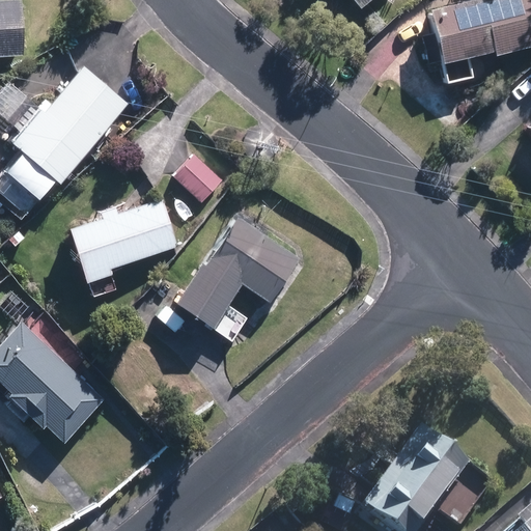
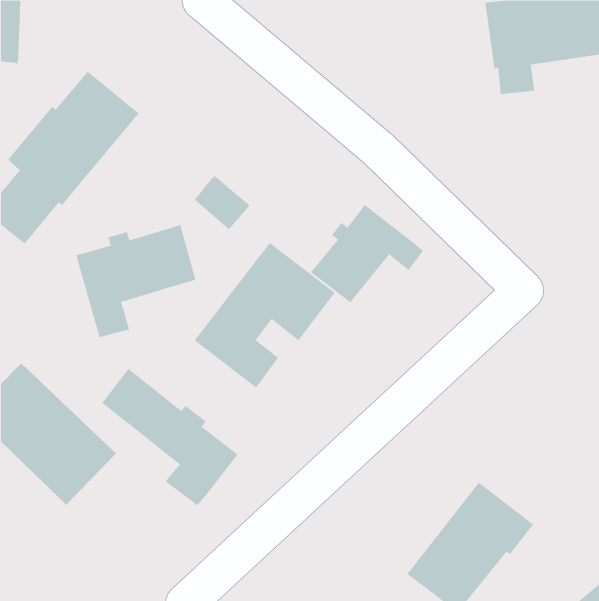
building: none -> [310,204,424,303]
building: none -> [101,368,238,506]

